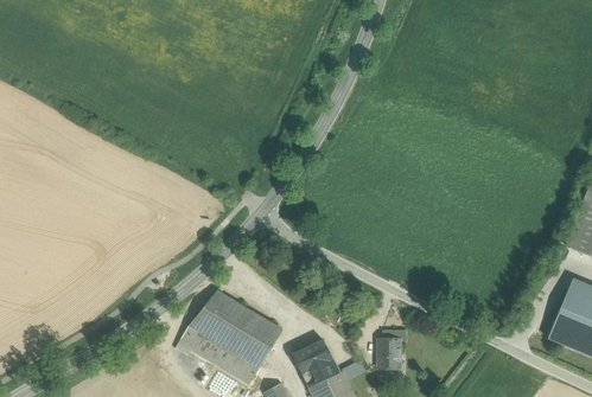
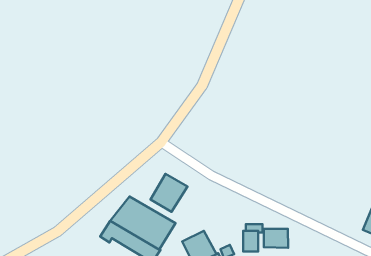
building: none -> [150,174,187,212]
building: none -> [264,229,288,248]

